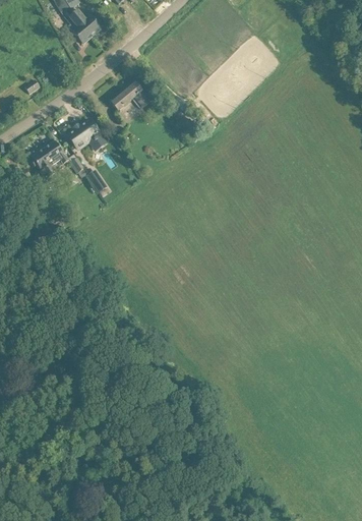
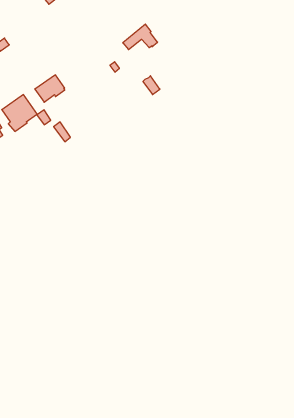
building: [113,83,150,111] -> [123,24,158,50]

